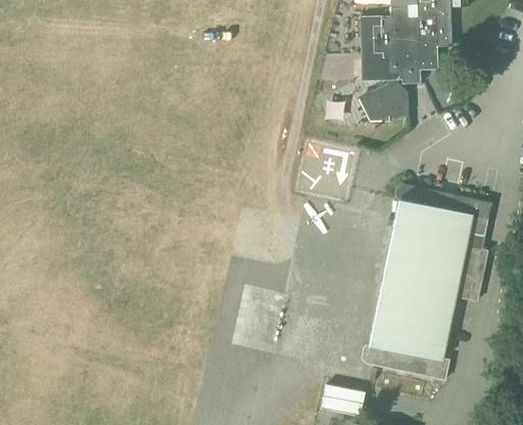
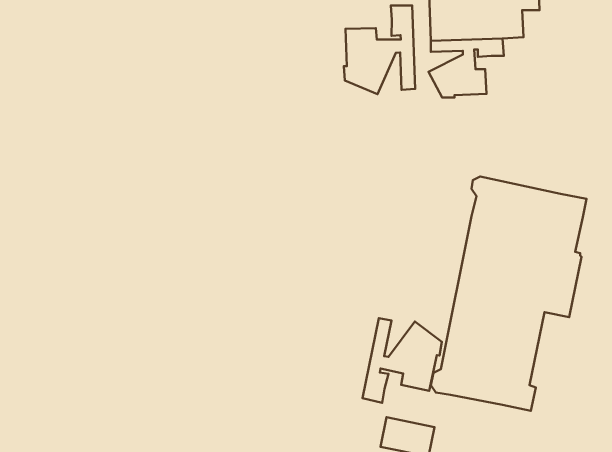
building: none -> [344,6,415,94]
building: none -> [363,318,442,403]

